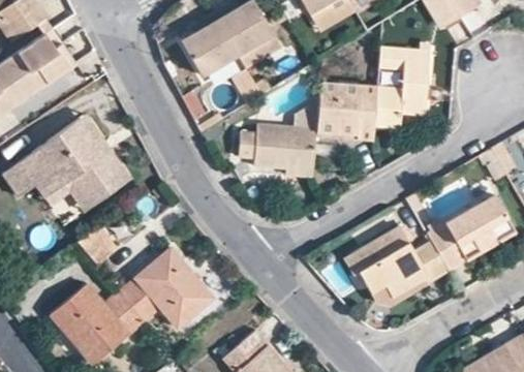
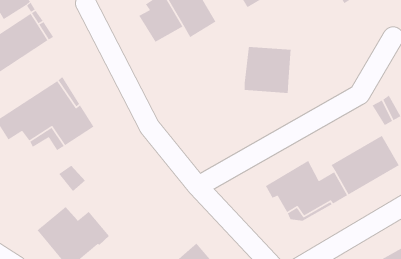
building: [375,31,432,126] -> none
building: [240,122,317,176] -> none
building: [119,246,214,329] -> none

